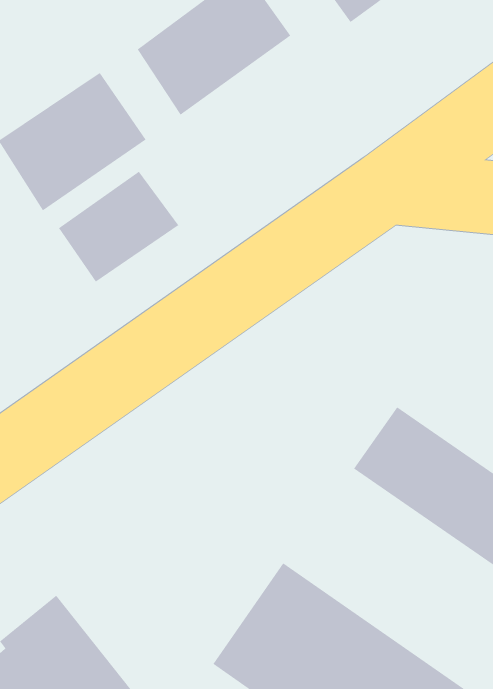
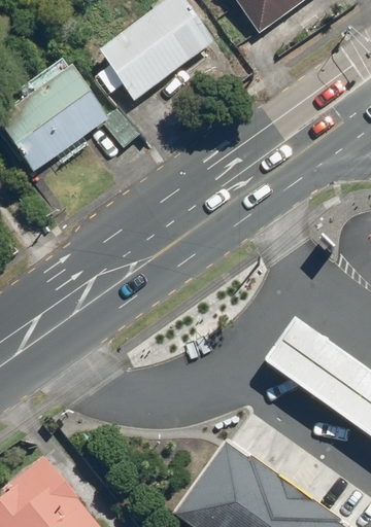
building: [58,171,179,283] -> none

